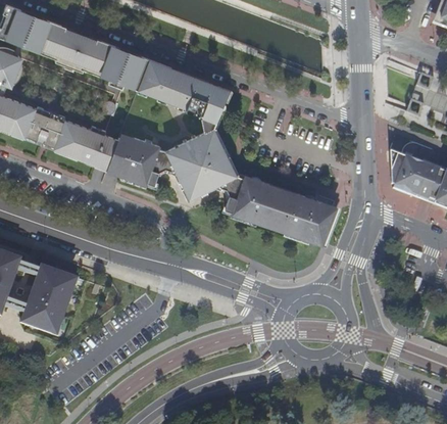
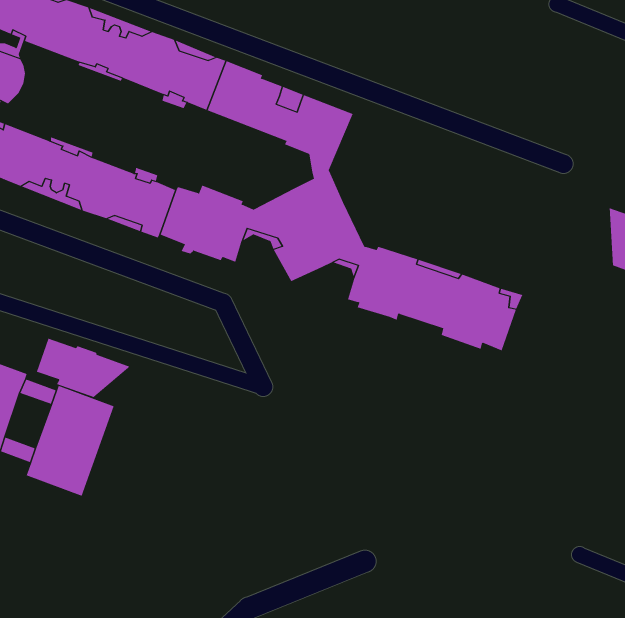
building: none -> [36,338,131,398]

